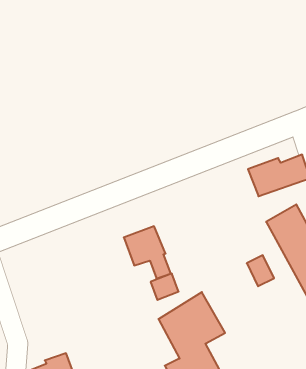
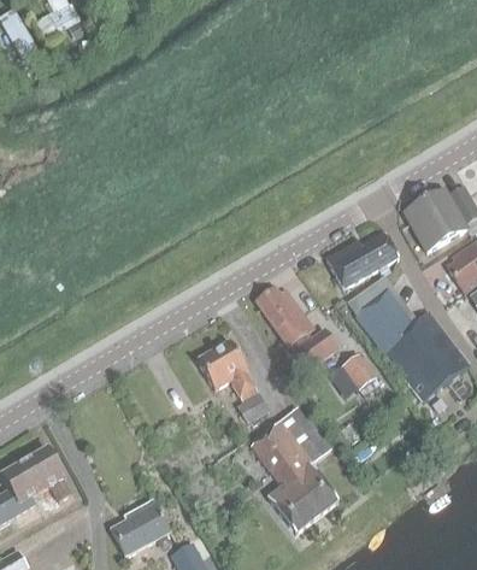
building: none -> [255,286,336,369]

